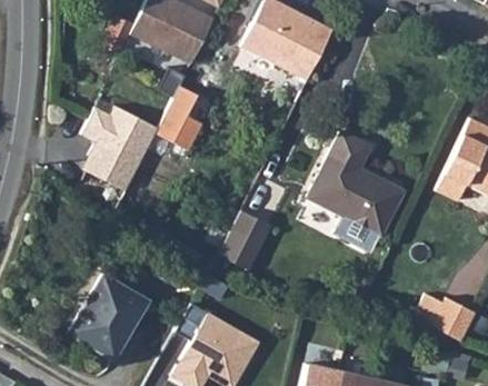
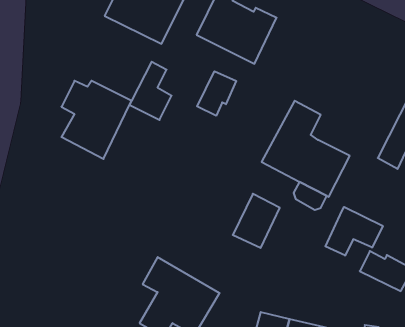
building: none -> [197,71,236,116]
building: [218,210,270,270] -> [233,194,280,248]
building: none -> [325,207,383,256]
building: [64,277,145,364] -> none

